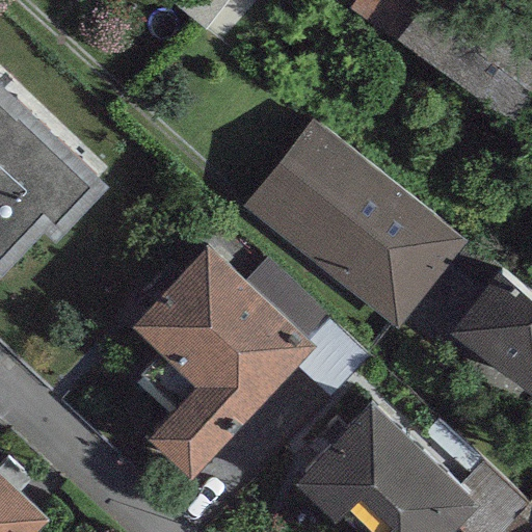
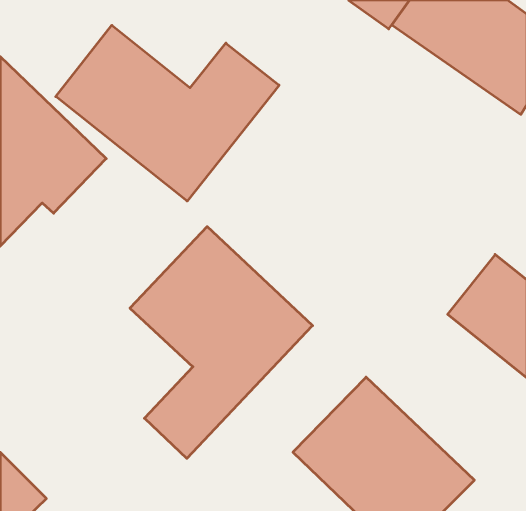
building: none -> [56,25,279,201]
building: [245,129,467,336] -> none

